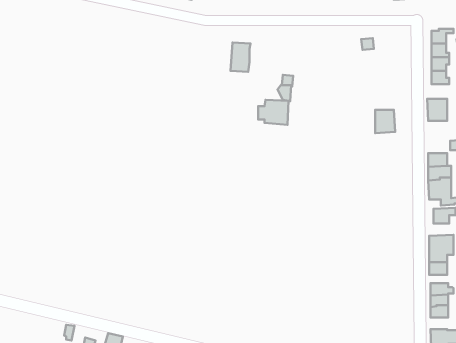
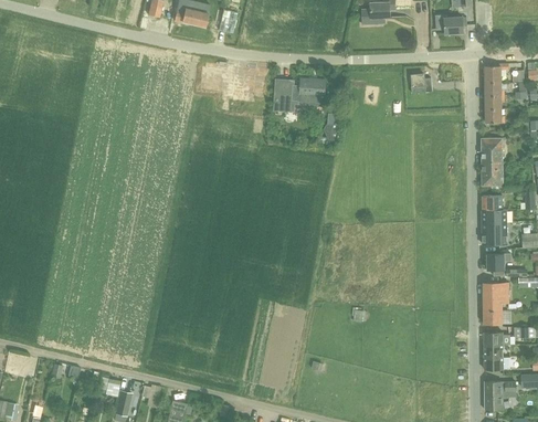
building: [258,100,288,125] -> [293,78,325,105]
building: [375,110,395,133] -> [482,161,503,186]

